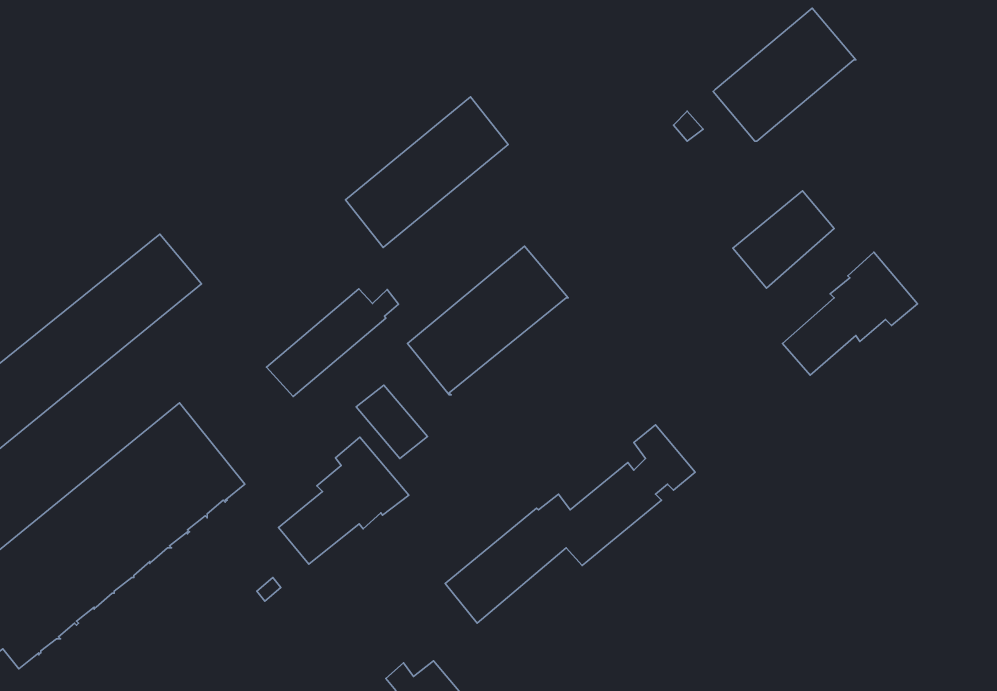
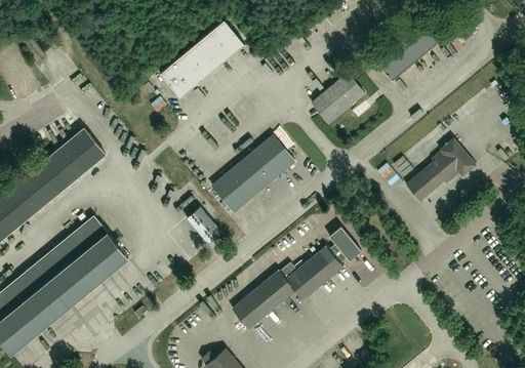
building: [345,97,508,248] -> [160,21,244,98]
building: [733,191,834,288] -> [312,74,364,124]
building: [266,289,399,396] -> none
building: [279,437,409,564] -> none

